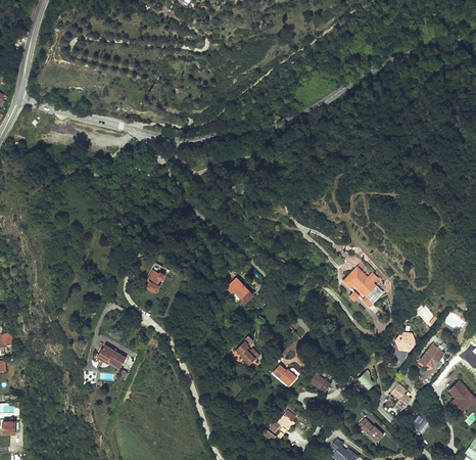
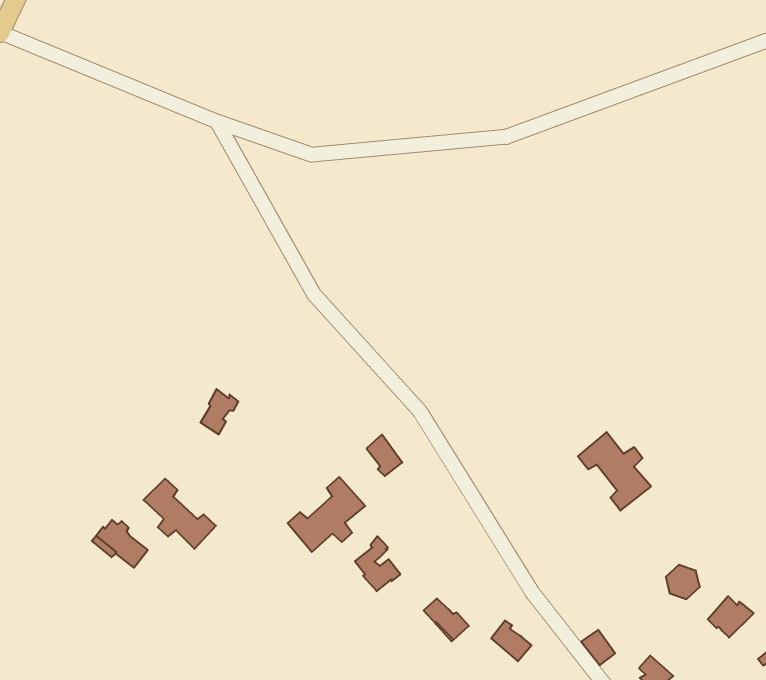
building: none -> [288,477,365,552]
building: none -> [143,479,216,549]

